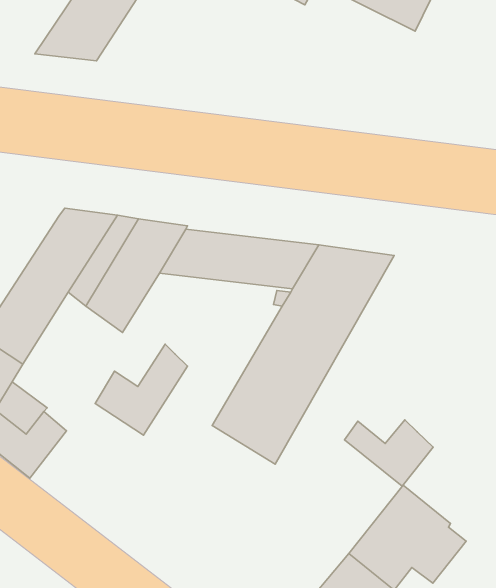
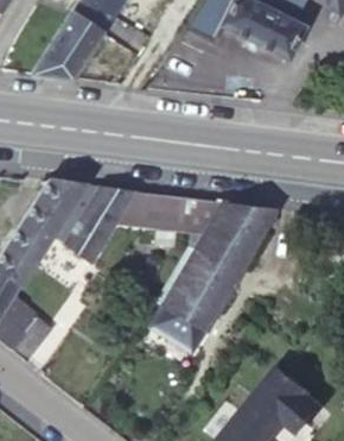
building: [95,344,187,435] -> none
building: [344,420,433,486] -> none

